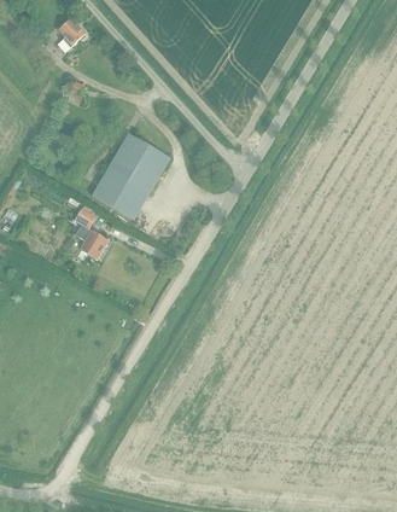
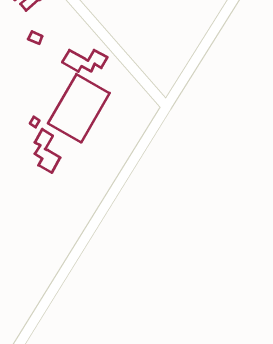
building: none -> [62,50,107,72]

